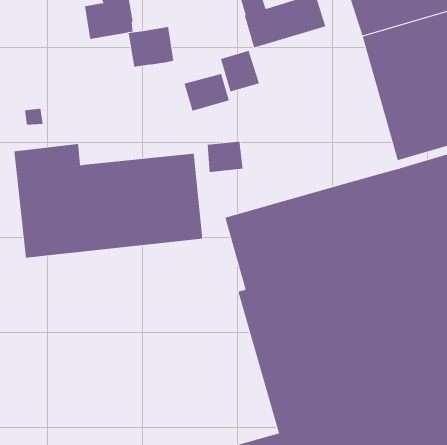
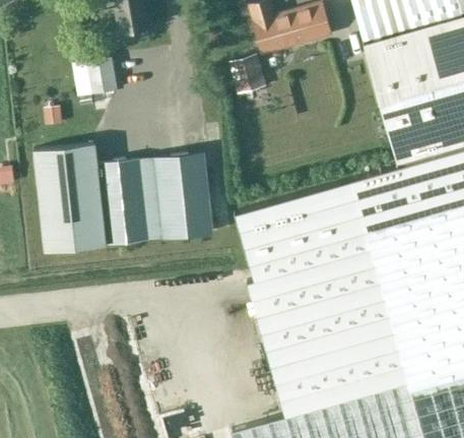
building: [128,26,174,67] -> [73,58,117,97]
building: [184,73,229,112] -> none
building: [207,141,243,173] -> none

